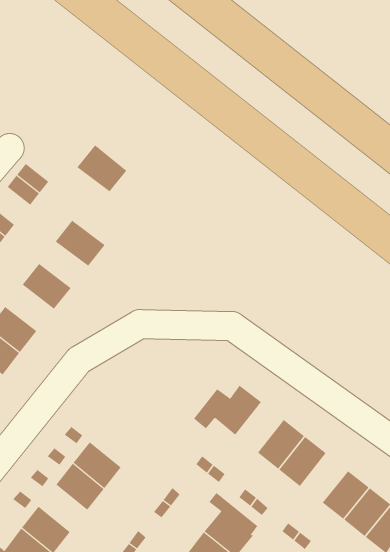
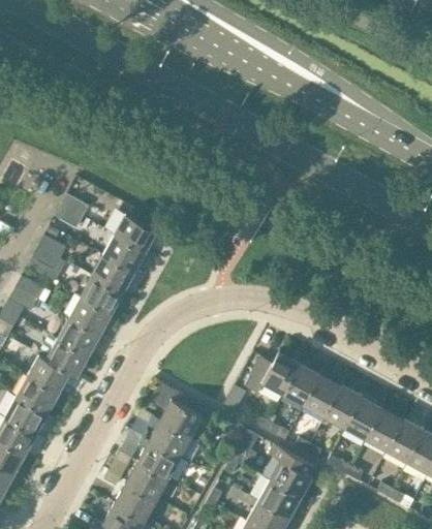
building: [76,145,127,192] -> [113,215,156,253]
building: none -> [91,257,133,294]
building: none -> [68,299,111,336]
building: none -> [149,383,203,439]
building: none -> [282,364,320,407]
building: none -> [344,398,382,440]
building: none -> [125,463,167,501]

